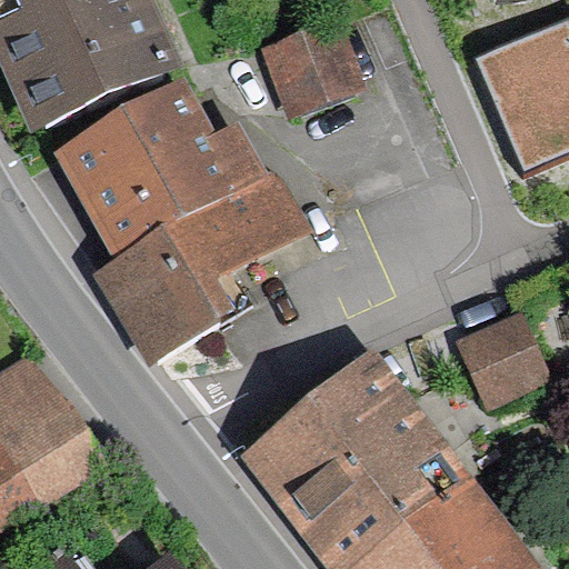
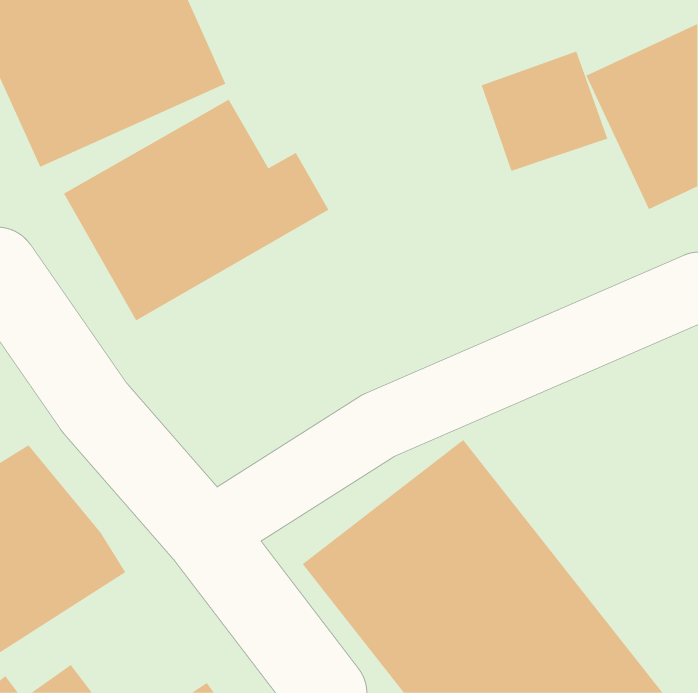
building: [261,18,365,116] -> [481,51,608,172]
building: [89,164,313,365] -> none
building: [453,311,547,407] -> none

